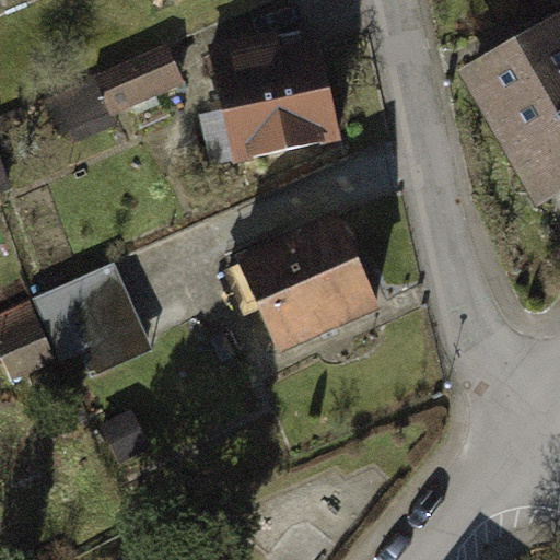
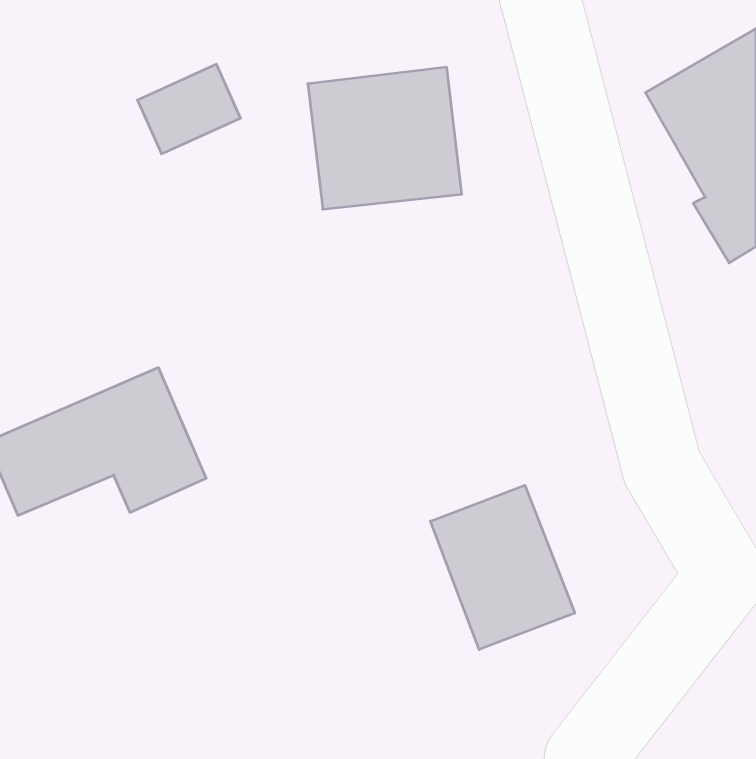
building: [241,237,369,348] -> none
building: none -> [430,485,575,650]

